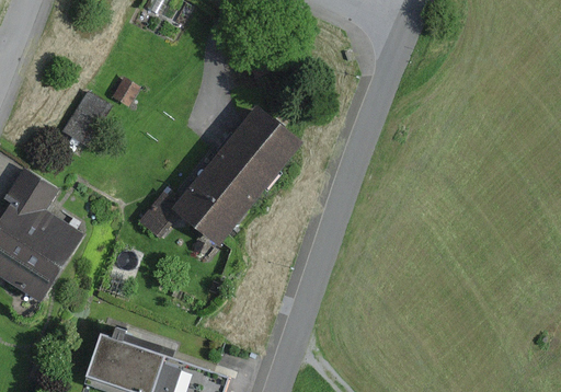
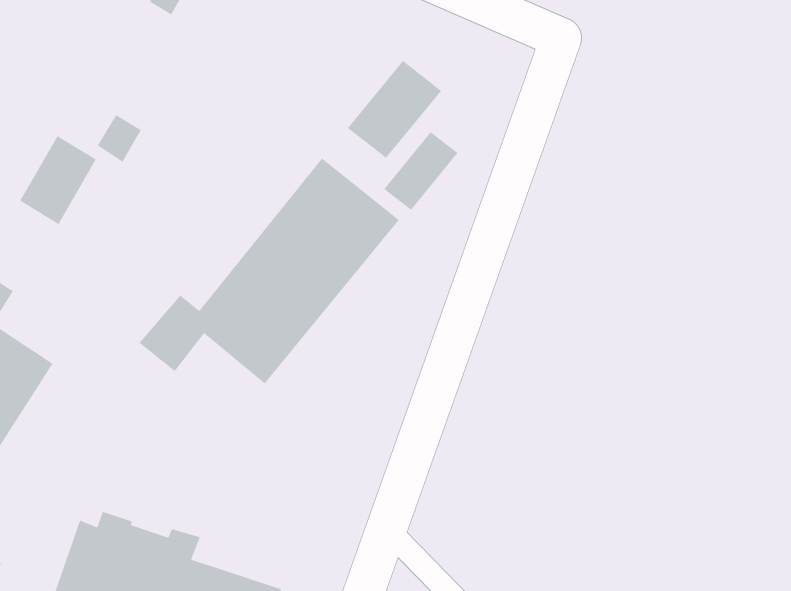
building: none -> [347,60,442,159]
building: none -> [383,131,459,211]

